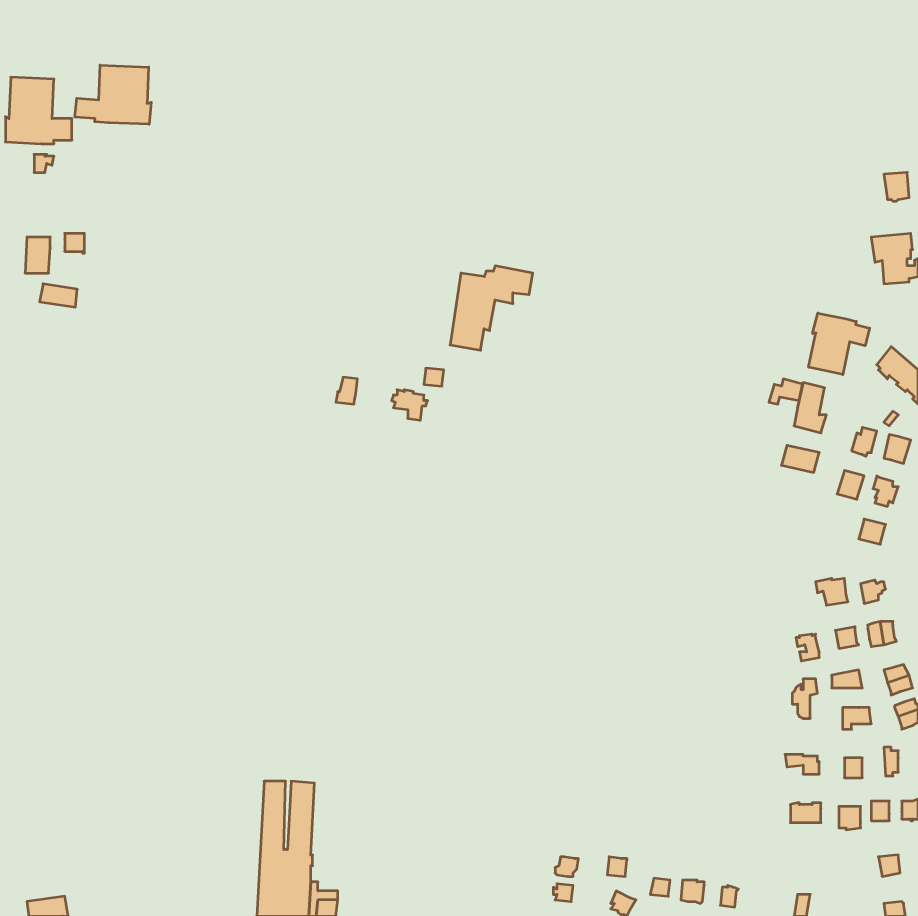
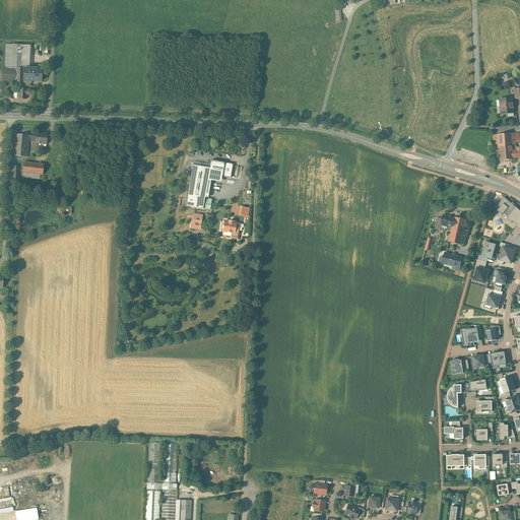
building: [75,65,151,124] -> none
building: [450,266,533,350] -> [186,160,233,208]
building: [809,313,870,375] -> none

